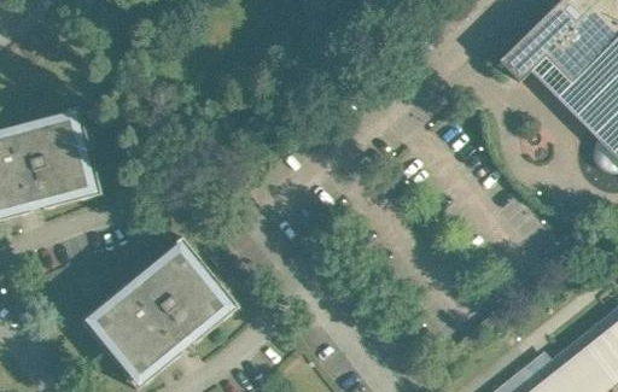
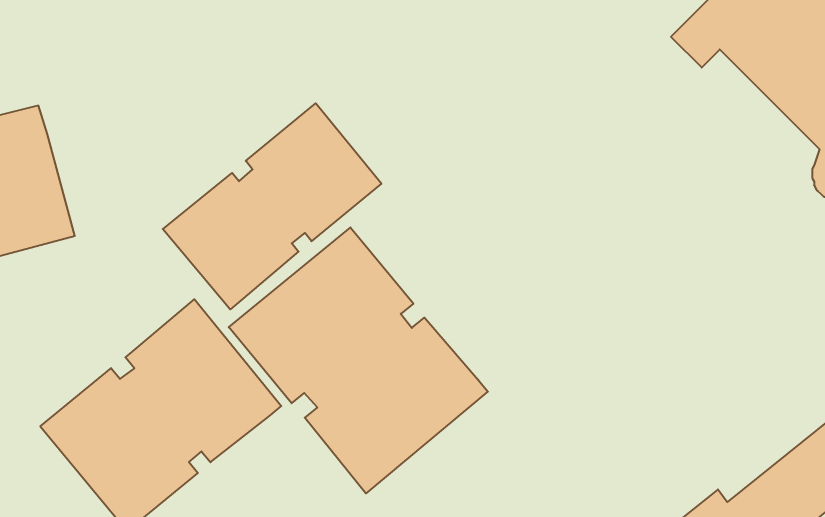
building: none -> [163,103,381,309]
building: none -> [229,227,488,493]

